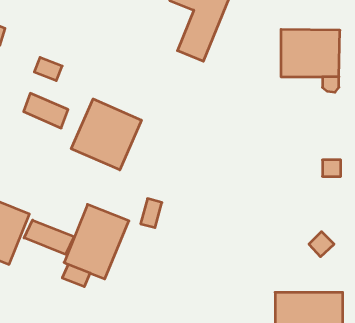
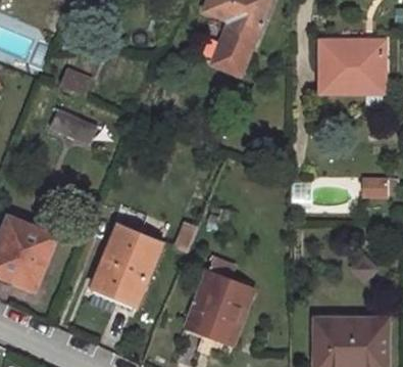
building: [71,99,141,170] -> none
building: [24,220,74,254] -> none
building: none -> [185,257,253,343]

